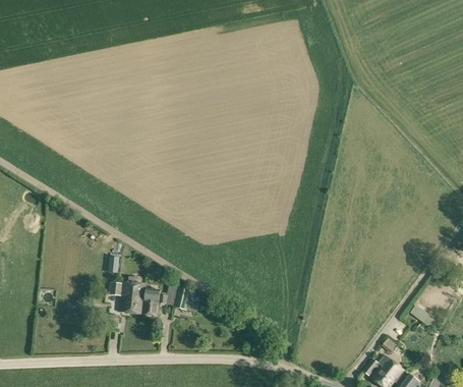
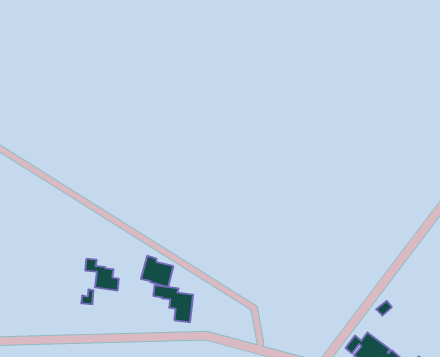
building: [123,281,162,317] -> [153,285,193,322]

